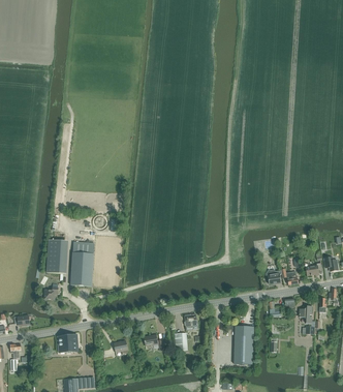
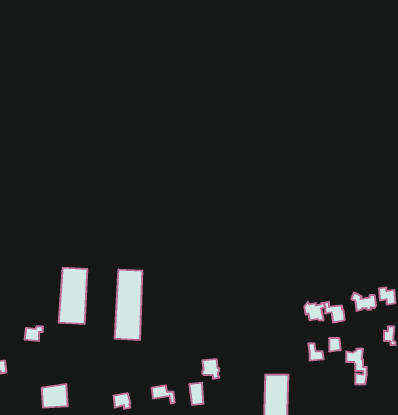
building: [45,240,67,273] -> none
building: none -> [115,269,142,340]

